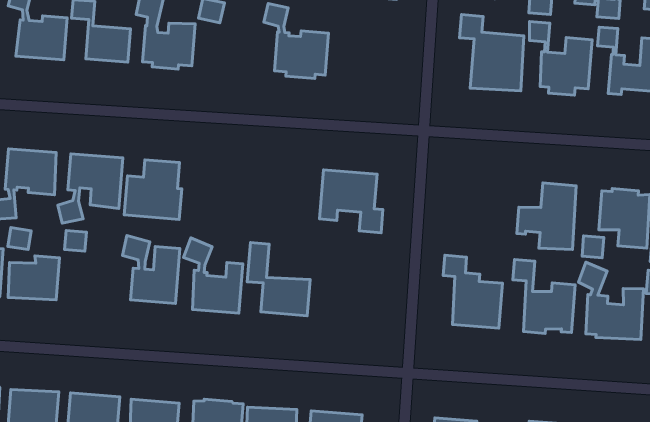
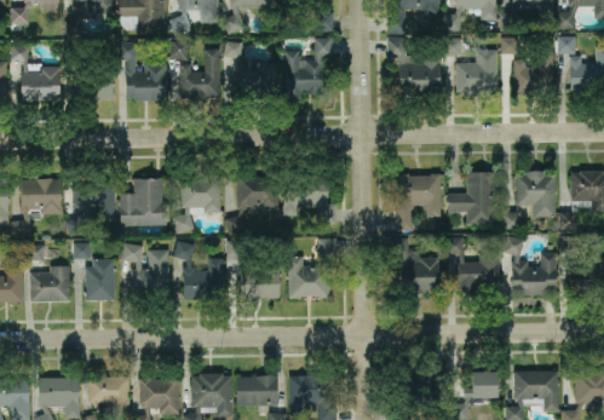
building: none -> [284,38,330,97]
building: none -> [179,48,219,99]
building: none -> [172,174,220,232]
building: none -> [224,176,277,235]
building: none -> [398,172,441,229]
building: none -> [287,237,335,298]
building: none -> [84,258,114,300]

